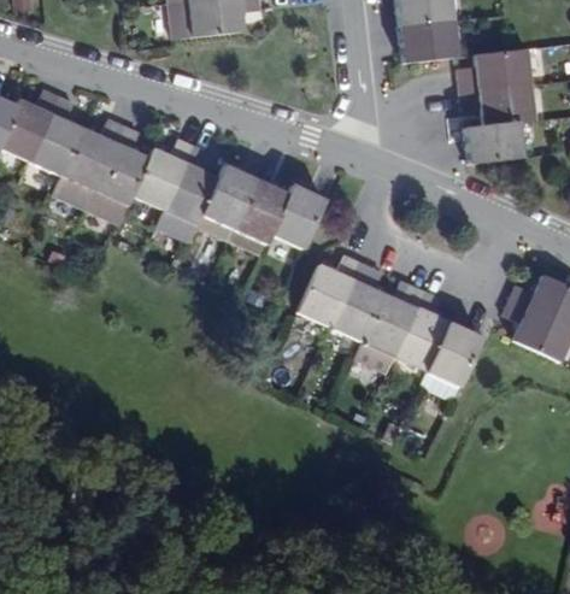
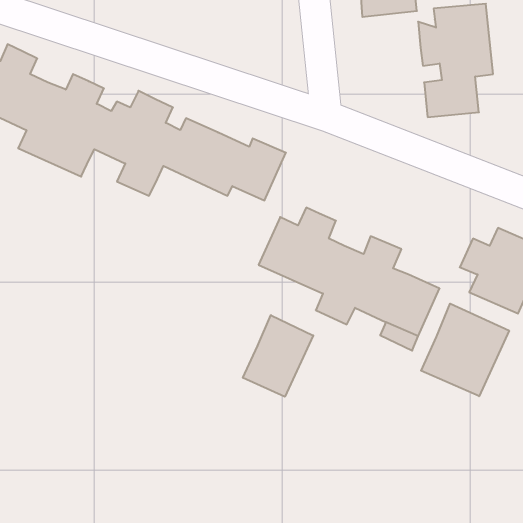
building: none -> [421,304,509,396]
building: none -> [243,315,313,397]

